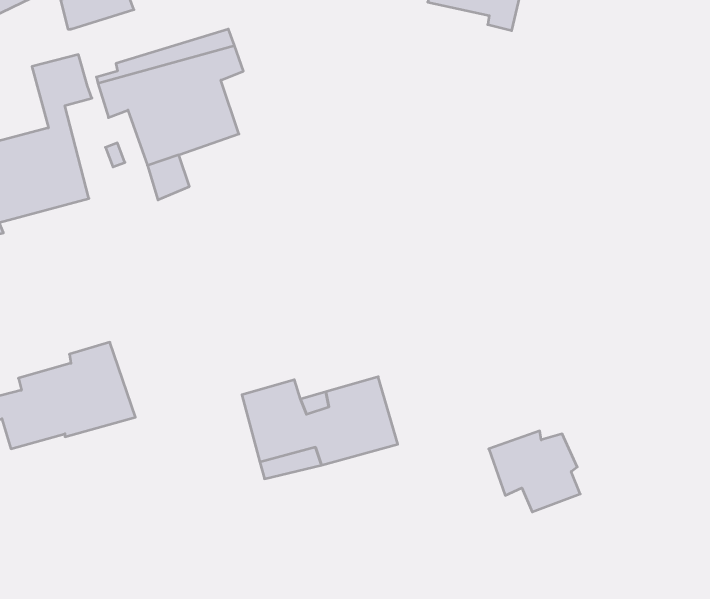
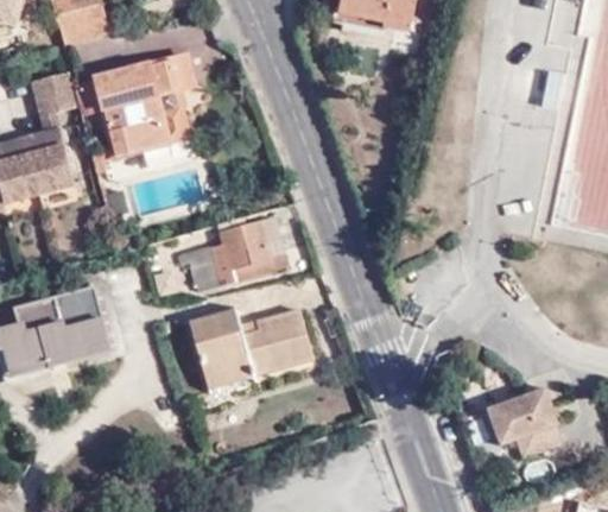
building: none -> [182,214,281,292]
building: [489,431,580,512] -> [480,400,552,464]

